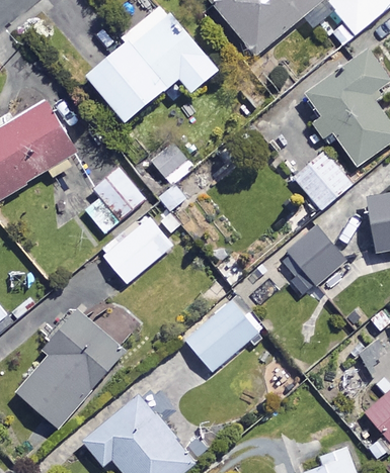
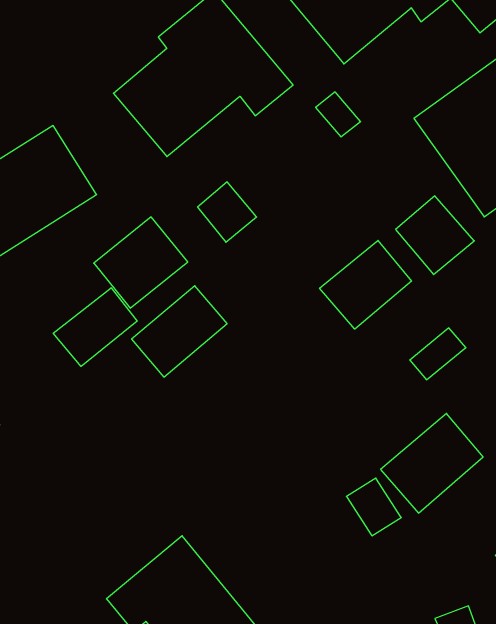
building: none -> [320,240,412,329]
building: none -> [53,288,137,366]
building: [183,298,257,370] -> [381,413,483,513]
building: [17,312,123,425] -> none

